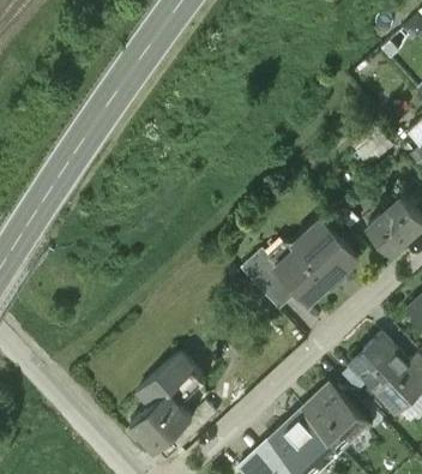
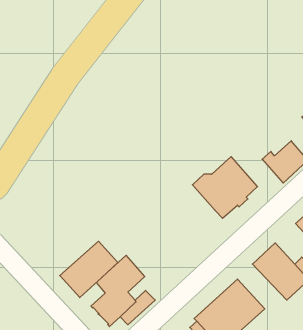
building: [240,248,300,311] -> none
building: none -> [60,241,118,298]

